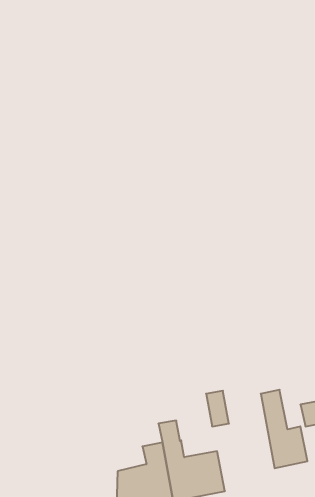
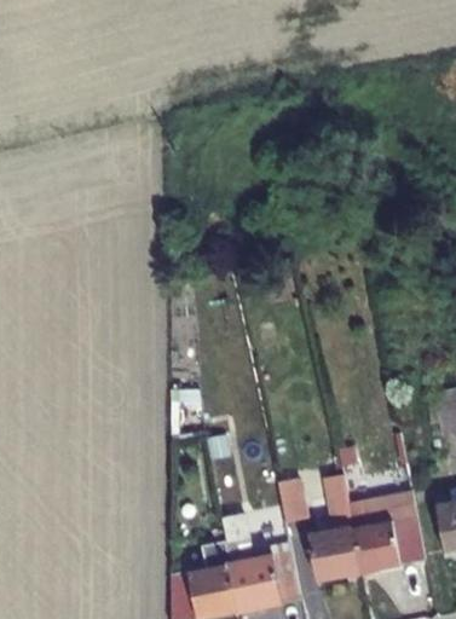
building: none -> [312,476,365,582]

